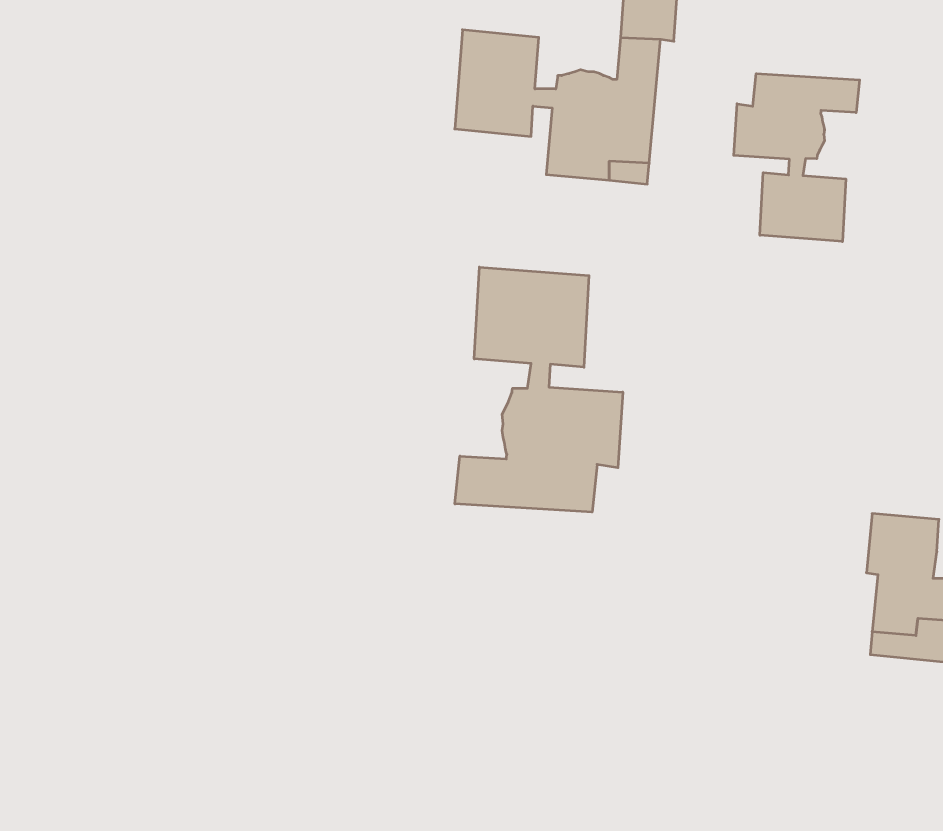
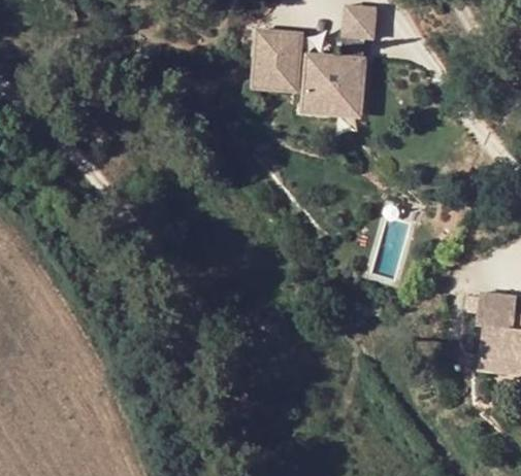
building: [734,74,860,242] -> none
building: [455,267,623,512] -> none

